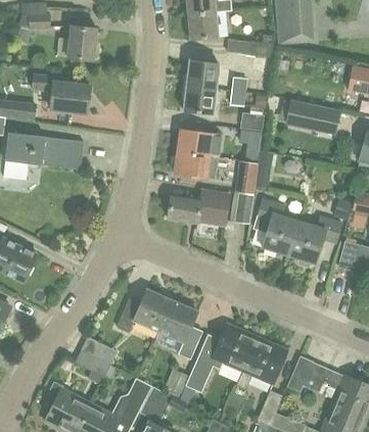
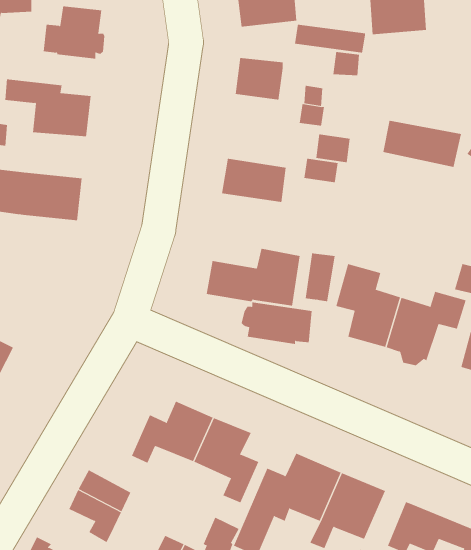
building: [183,85,216,114] -> none
building: [170,151,218,180] -> [241,302,313,344]
building: [229,158,258,193] -> none

